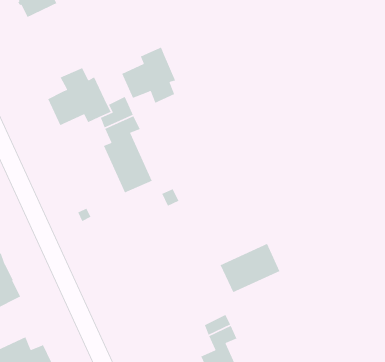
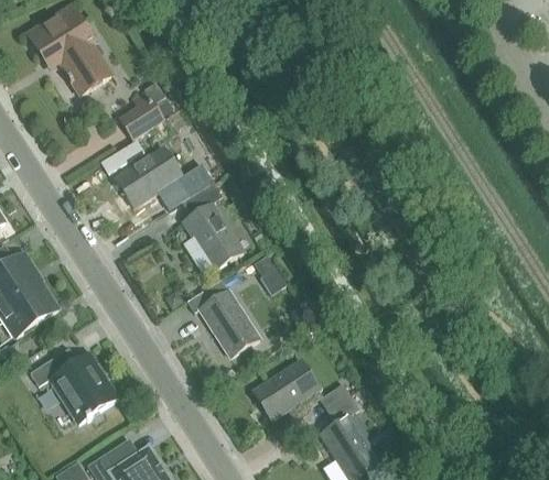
building: none -> [121,92,162,137]
building: [121,46,176,104] -> none
building: none -> [187,286,259,356]
building: [219,243,281,293] -> [252,360,320,419]

